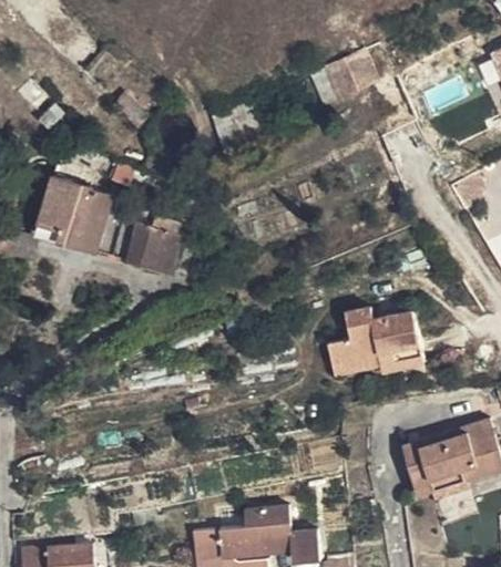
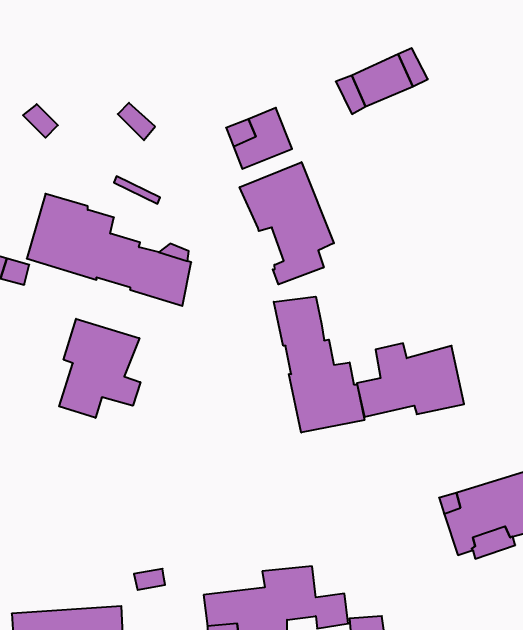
building: none -> [240,162,334,284]
building: none -> [274,297,364,433]
building: none -> [59,319,140,418]

